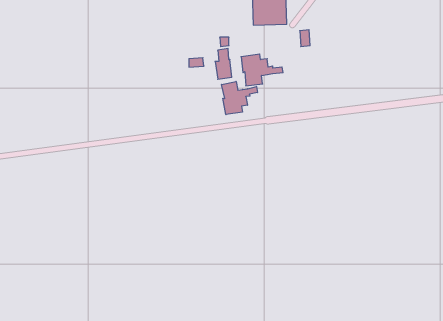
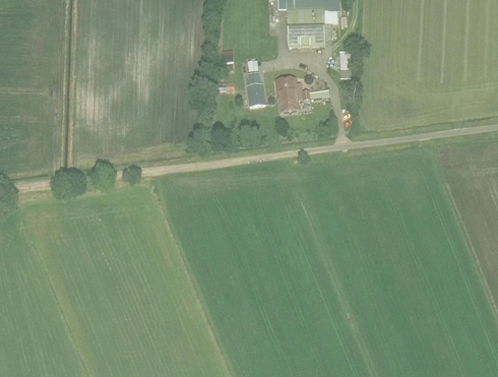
building: [222,81,257,115] -> none

